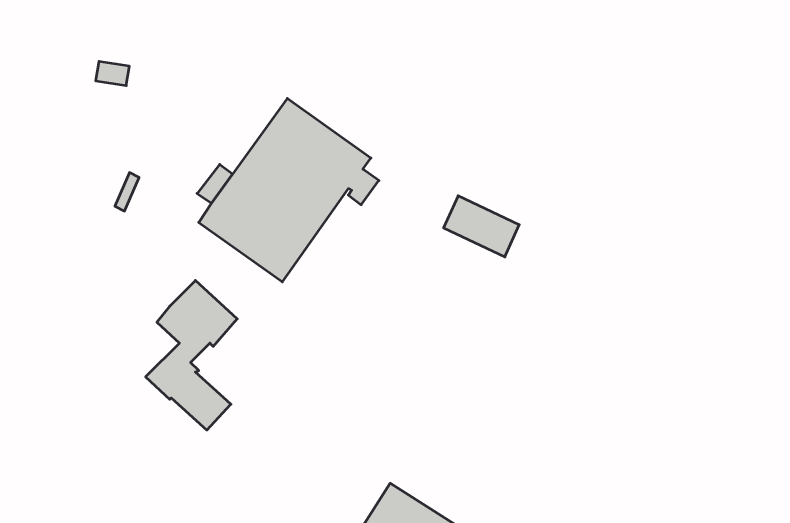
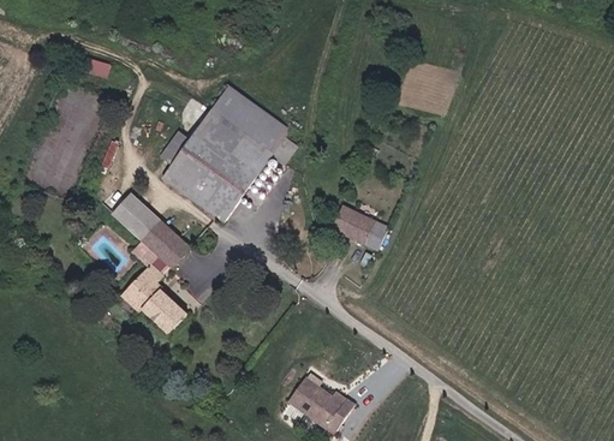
building: [444,196,519,257] -> [330,204,387,250]
building: none -> [112,192,160,239]

